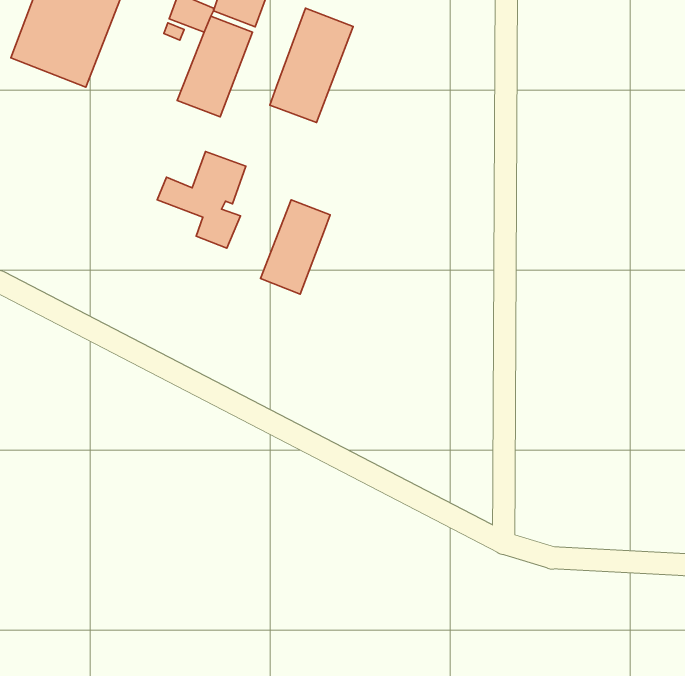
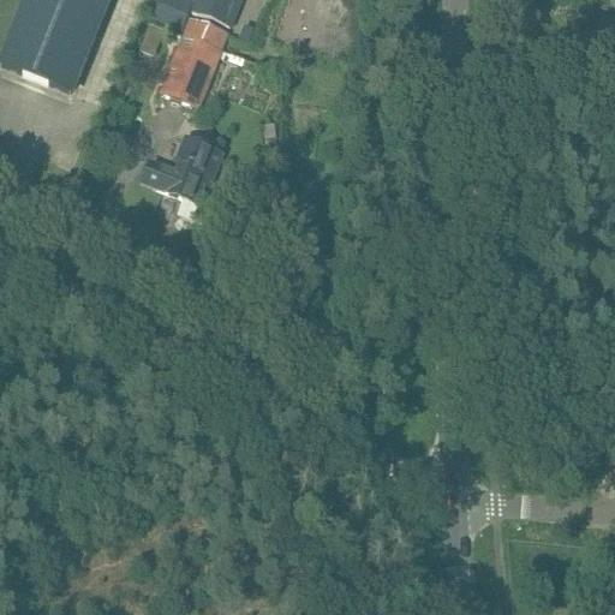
building: [270,8,353,123] -> none
building: [260,200,330,294] -> none

